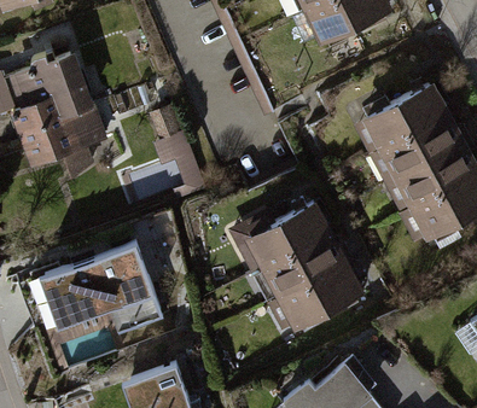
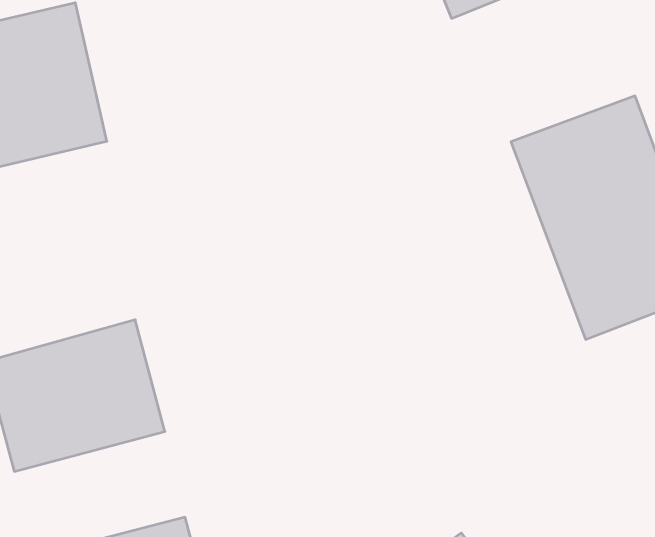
building: [245,198,363,330] -> none

